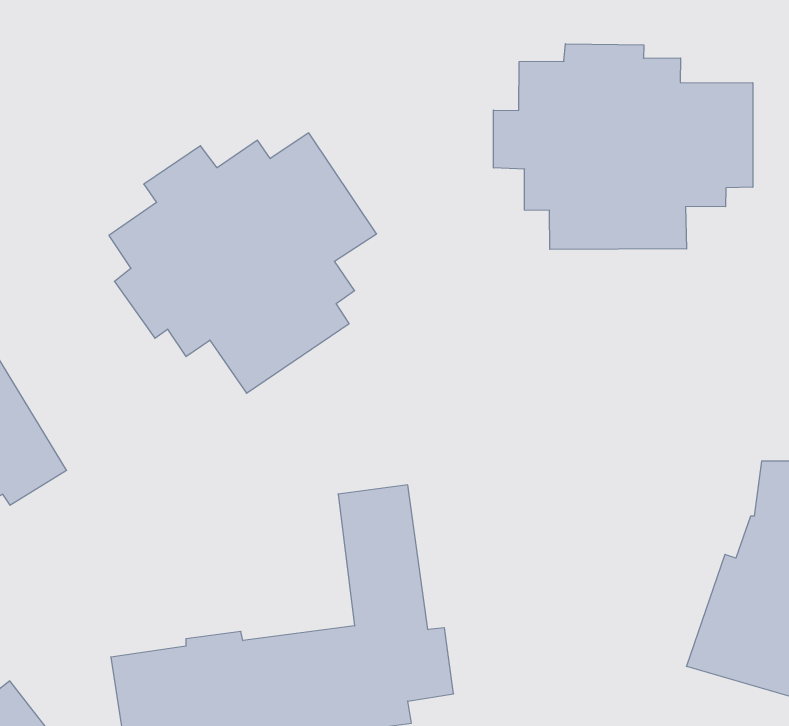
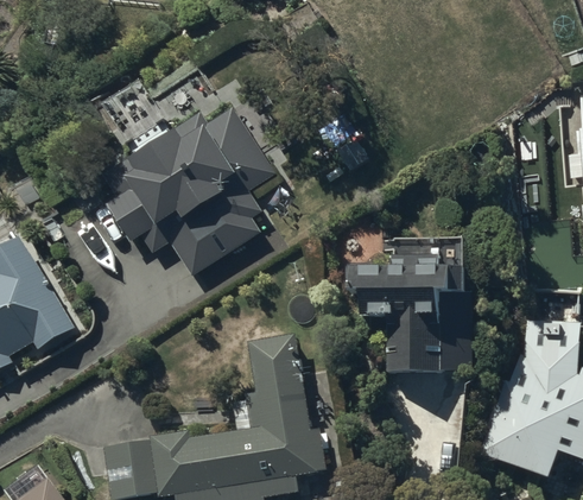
building: [494,44,753,249] -> none
building: none -> [349,238,474,372]

